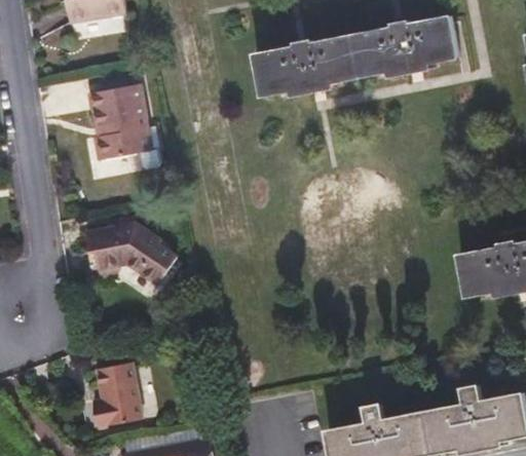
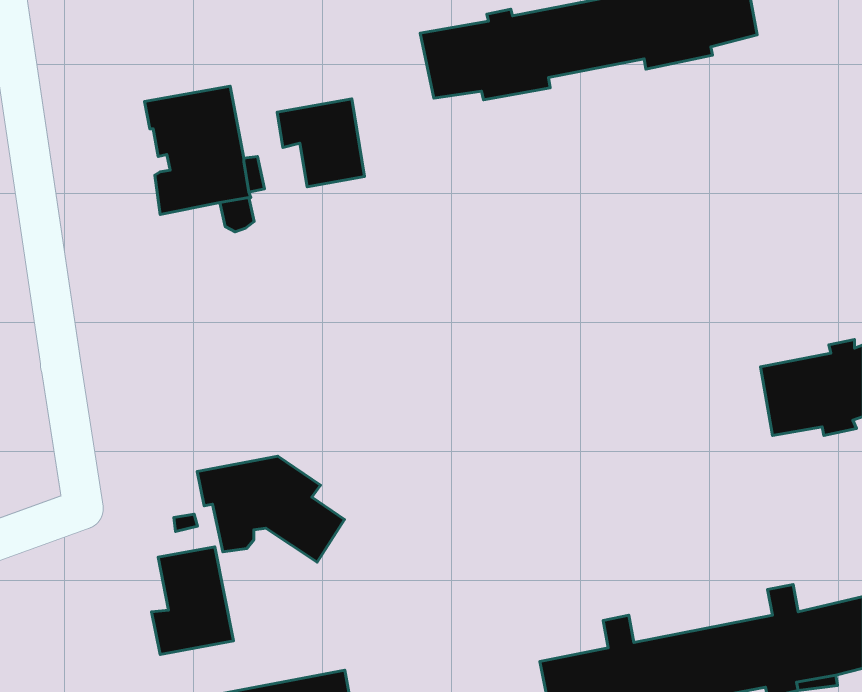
building: none -> [277,99,365,187]
building: [86,222,175,286] -> [197,456,344,562]

